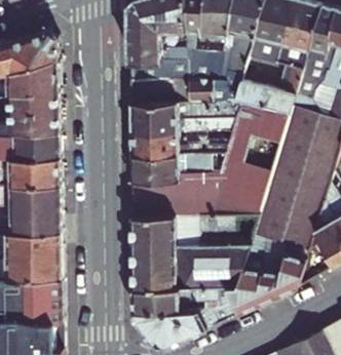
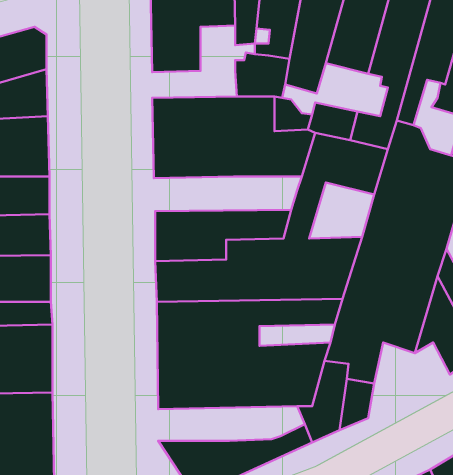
building: [129,30,187,79] -> none
building: [130,132,228,156] -> none
building: [276,245,308,297] -> none
building: [134,288,233,312] -> none

